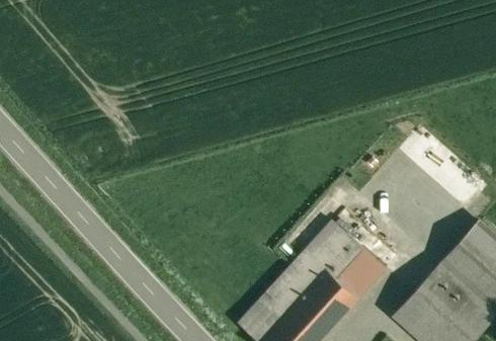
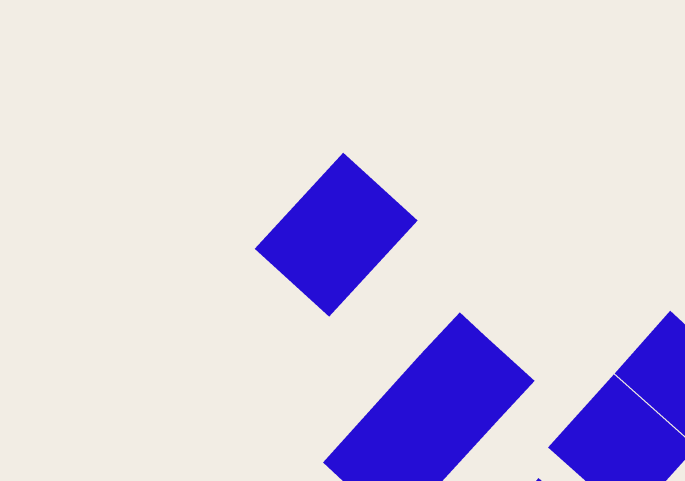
building: none -> [254,152,418,318]

